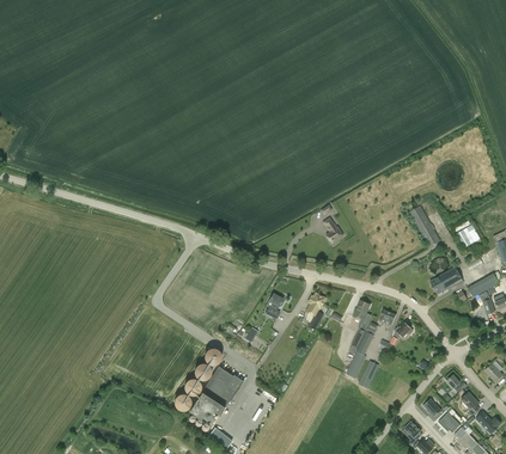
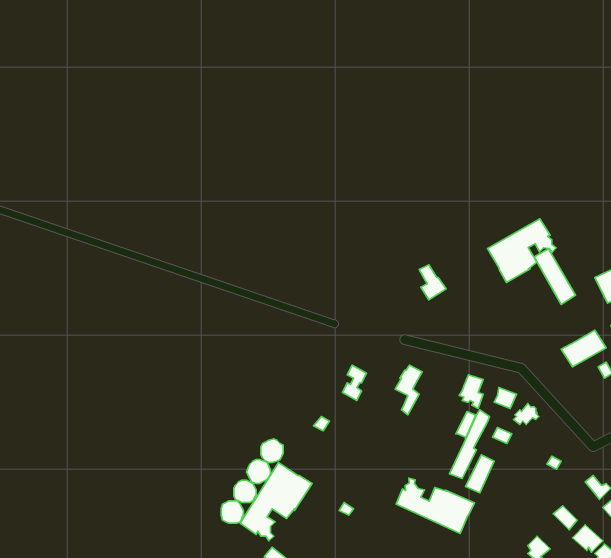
building: none -> [488,219,556,283]
building: none -> [396,478,474,534]

